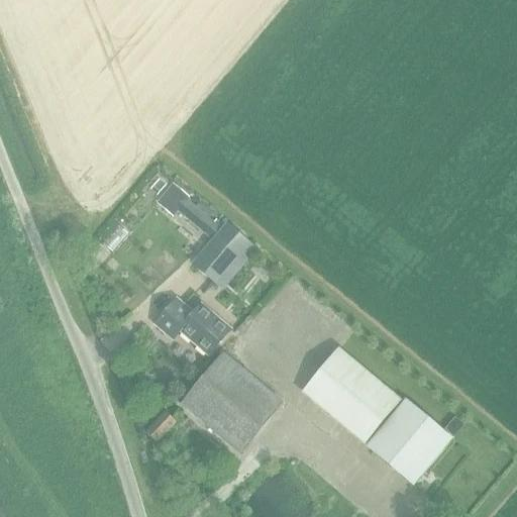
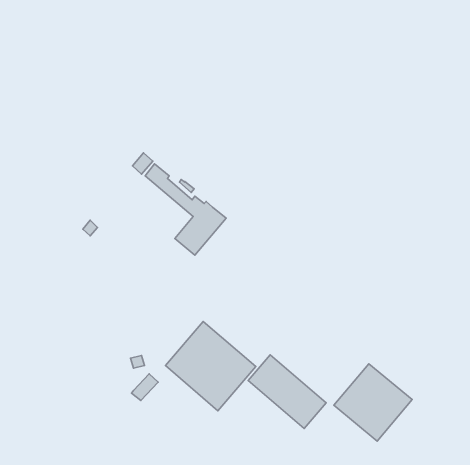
building: [154,295,228,351] -> none
building: [309,352,395,433] -> [248,355,326,429]

